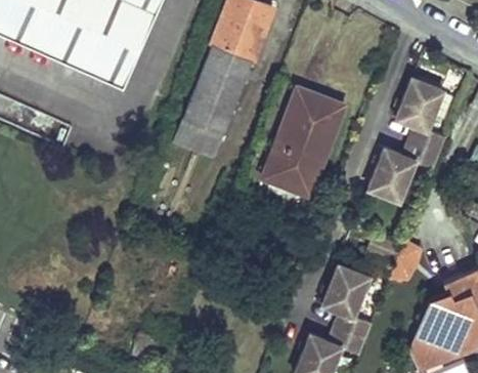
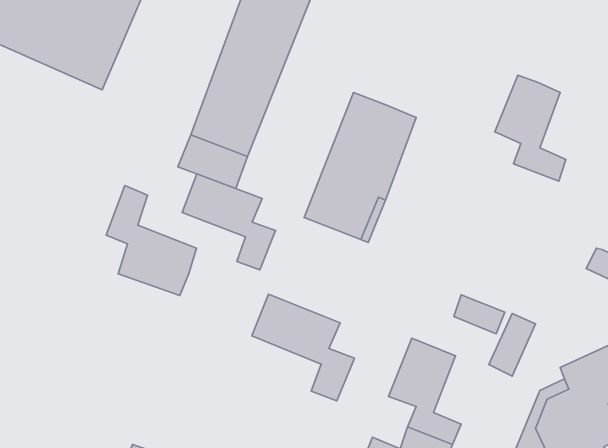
building: [370,139,442,199] -> none
building: none -> [182,174,275,270]
building: none -> [106,185,197,296]
building: none -> [252,294,354,401]

